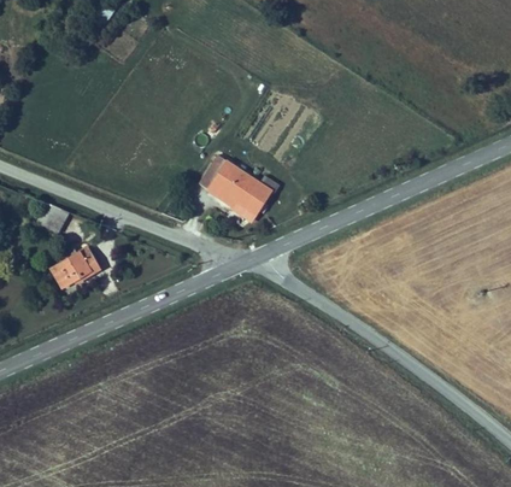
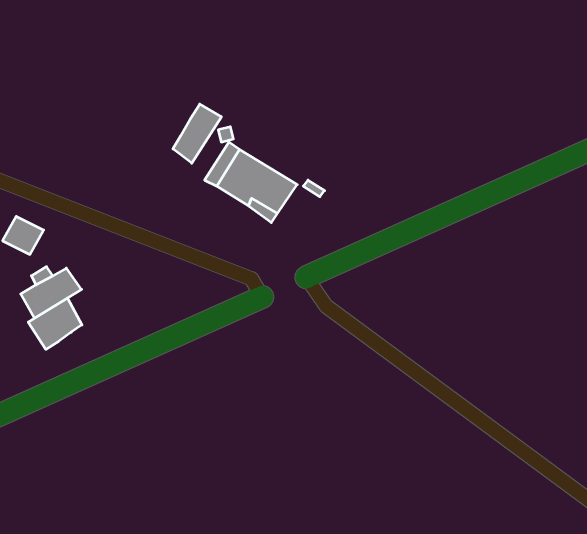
building: none -> [173,104,221,163]
building: none -> [28,298,82,349]

